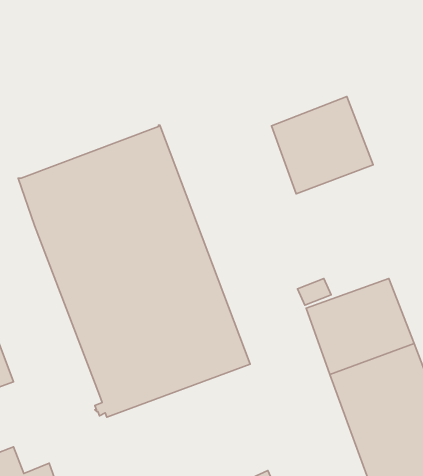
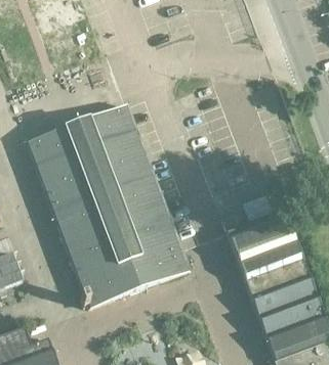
building: [272,97,373,194] -> none

